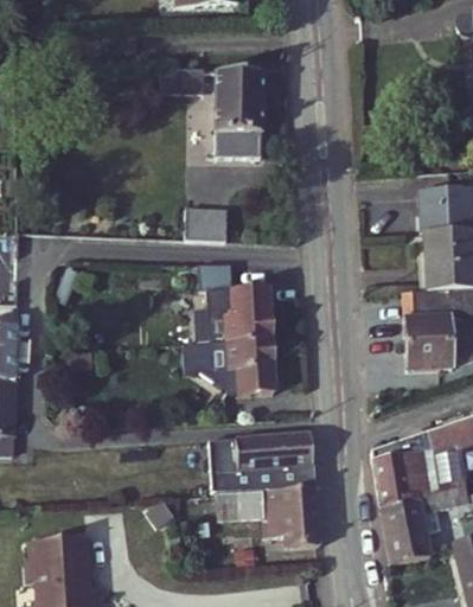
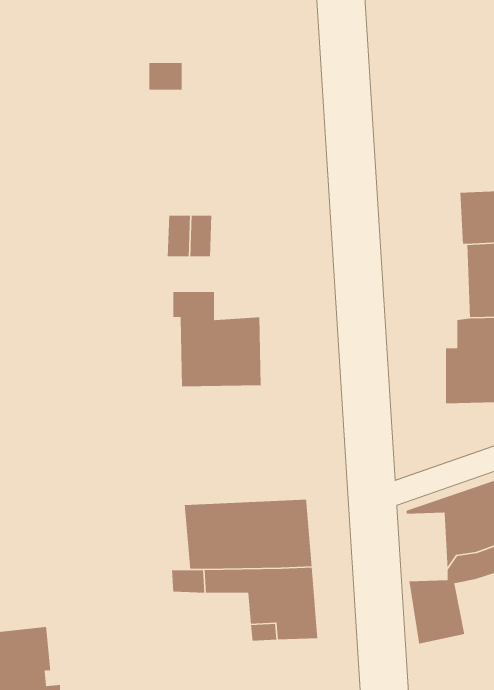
building: [211,71,261,158] -> none
building: [174,343,268,395] -> none
building: [388,449,422,506] -> none

